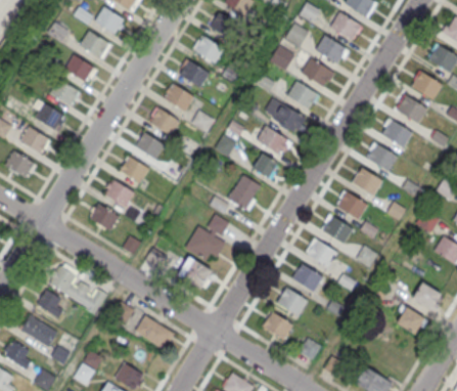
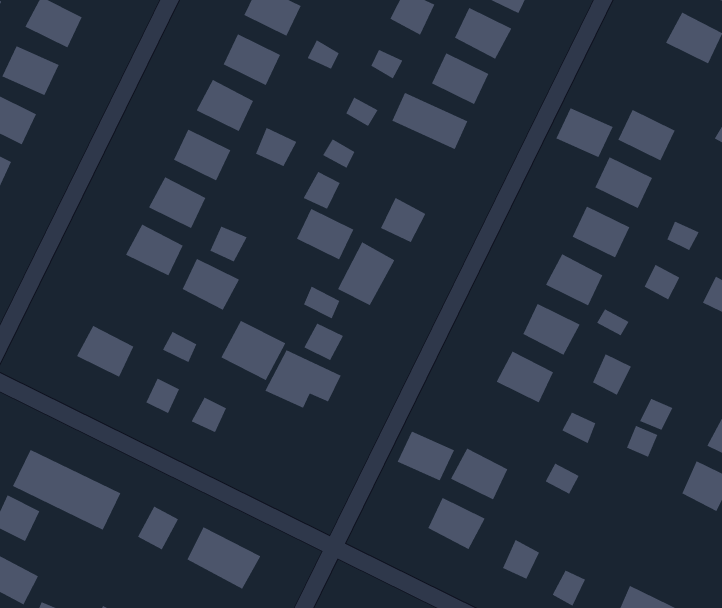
building: [397,96,427,124] -> [555,108,613,158]
building: [257,126,287,155] -> [296,208,354,260]
building: [104,180,135,209] -> [182,258,240,311]
building: [178,257,213,290] -> [221,320,286,381]
building: [291,264,322,292] -> [397,431,455,481]

